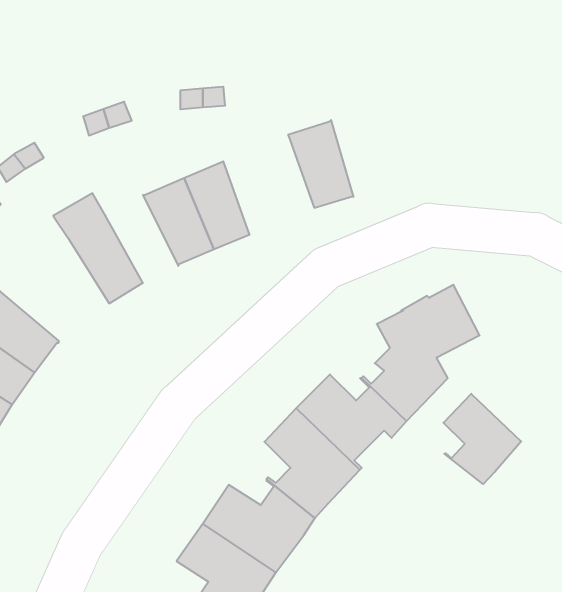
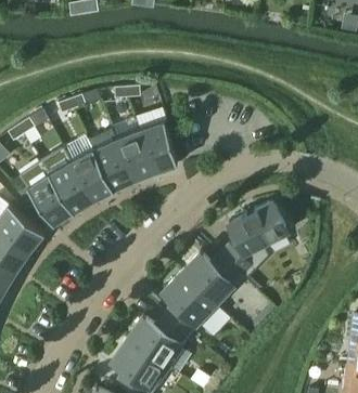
building: [288,120,354,208] -> [139,120,177,171]
building: none -> [71,148,113,199]
building: none -> [18,160,73,224]
building: [443,394,521,484] -> none

